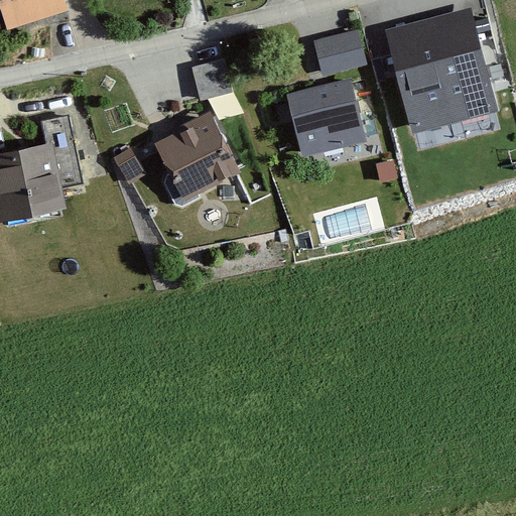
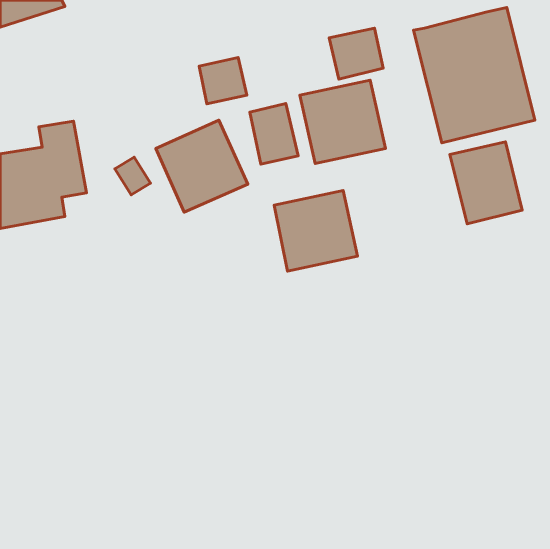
building: none -> [250,103,298,164]
building: none -> [450,142,522,224]
building: none -> [274,191,357,271]

